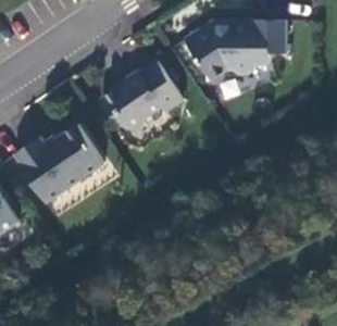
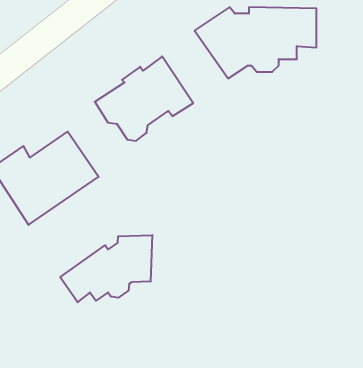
building: none -> [60,235,152,302]

